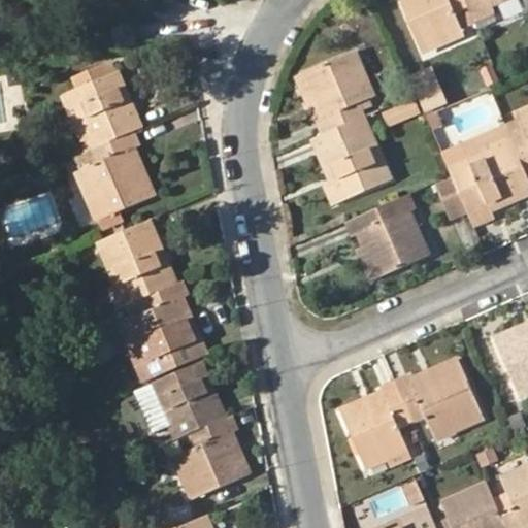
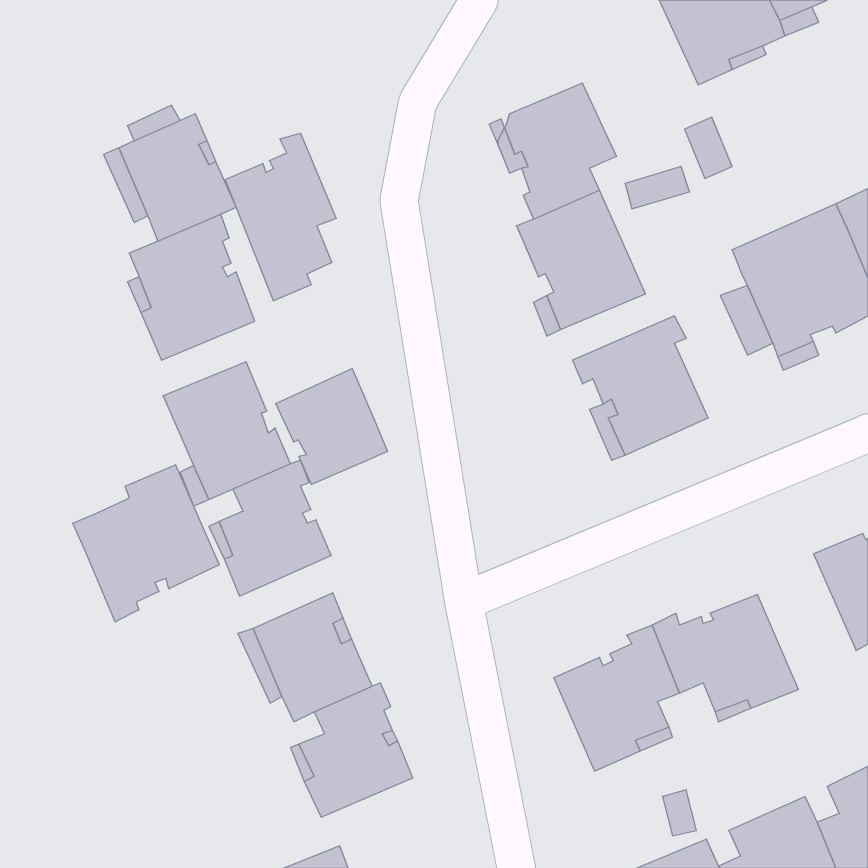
building: none -> [225,133,336,301]
building: none -> [276,368,388,485]
building: none -> [73,465,219,622]

